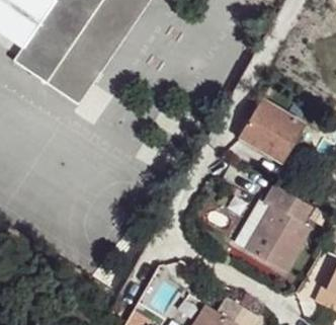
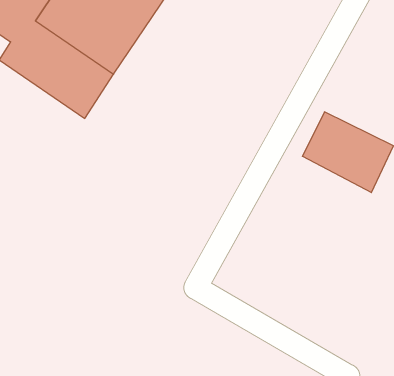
building: [249,185,312,266] -> none

